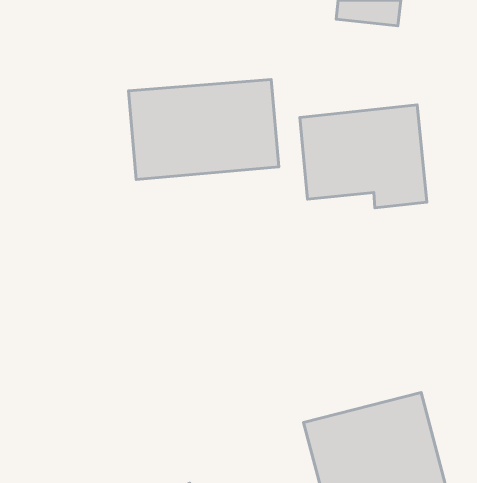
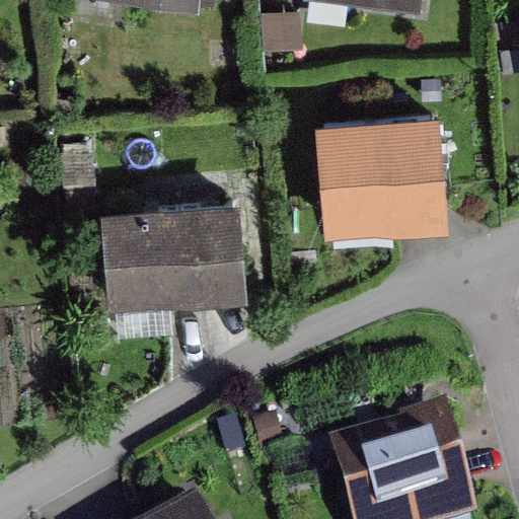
building: [129,79,279,179] -> [101,207,260,312]

